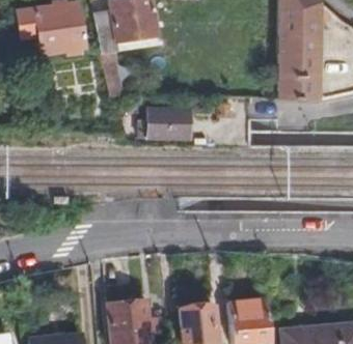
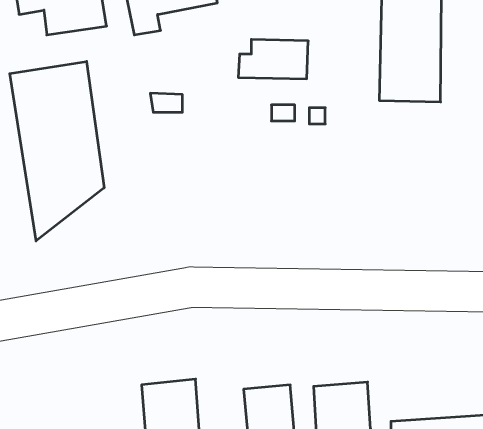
building: none -> [10,61,104,241]
building: [145,110,195,138] -> [238,39,308,79]

